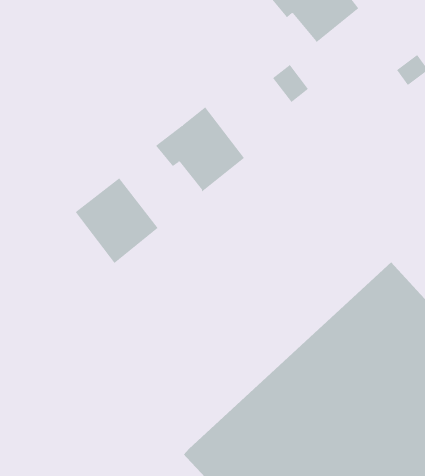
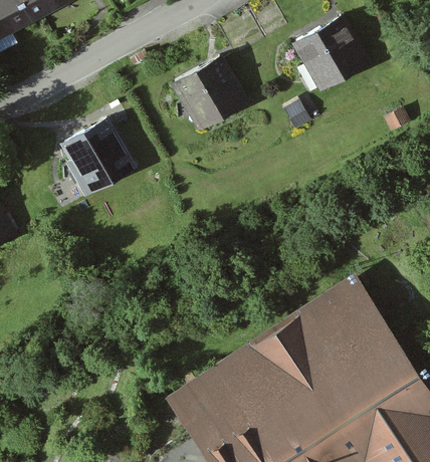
building: [155,106,245,192] -> [171,58,241,127]
building: [75,178,159,264] -> [62,123,128,191]

